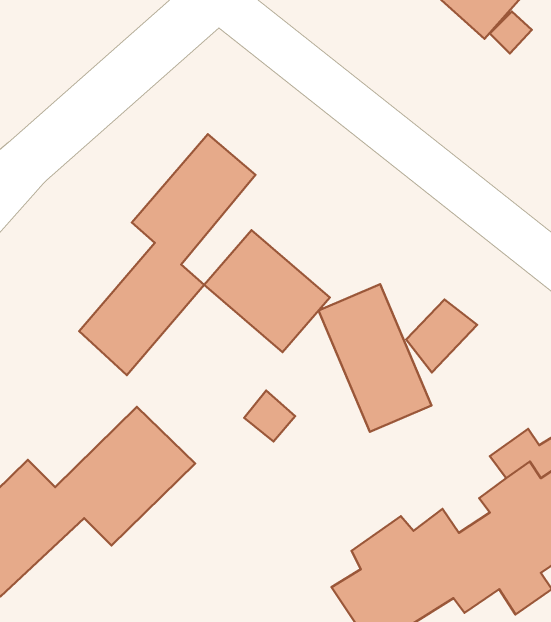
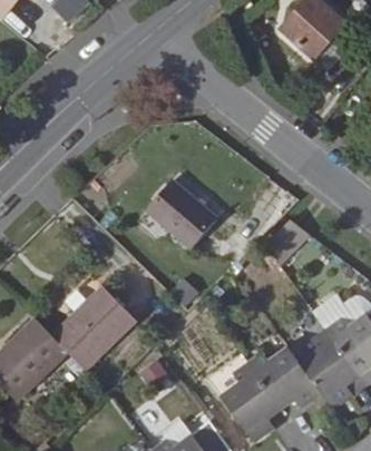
building: [79,134,255,375] -> none
building: [319,284,431,432] -> none

